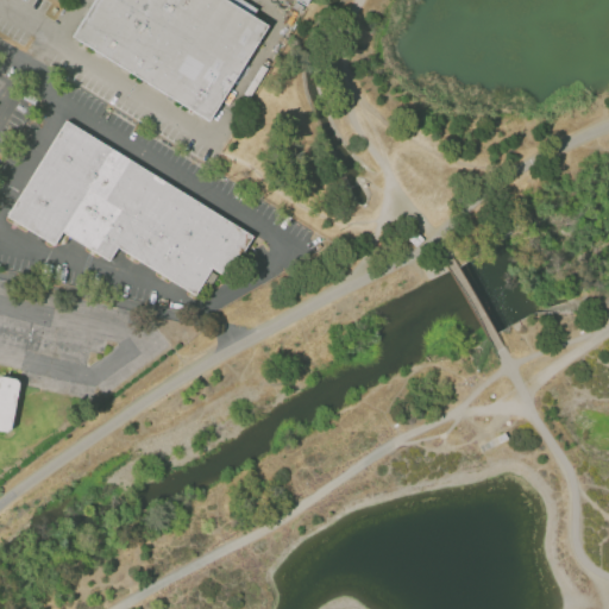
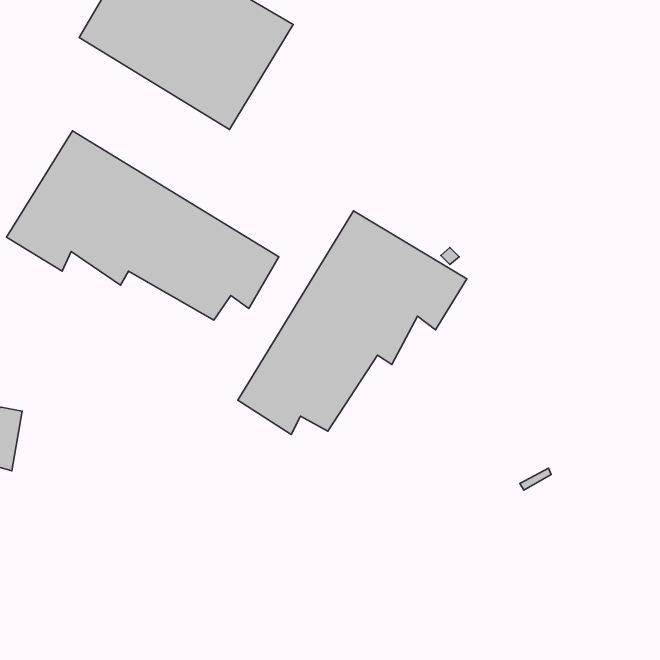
building: none -> [238,211,467,434]

